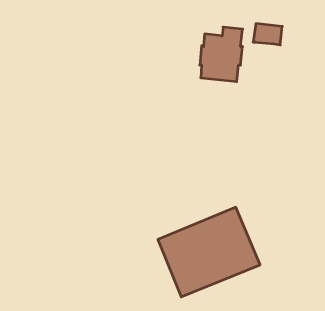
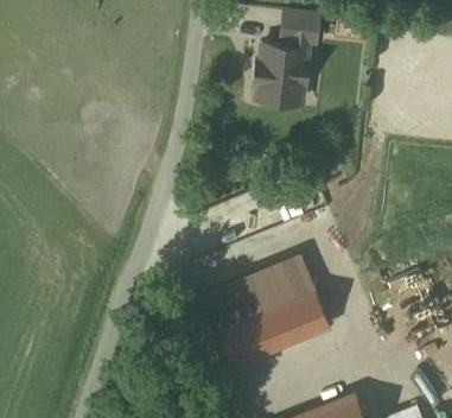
building: [253,24,282,45] -> [282,14,318,40]

